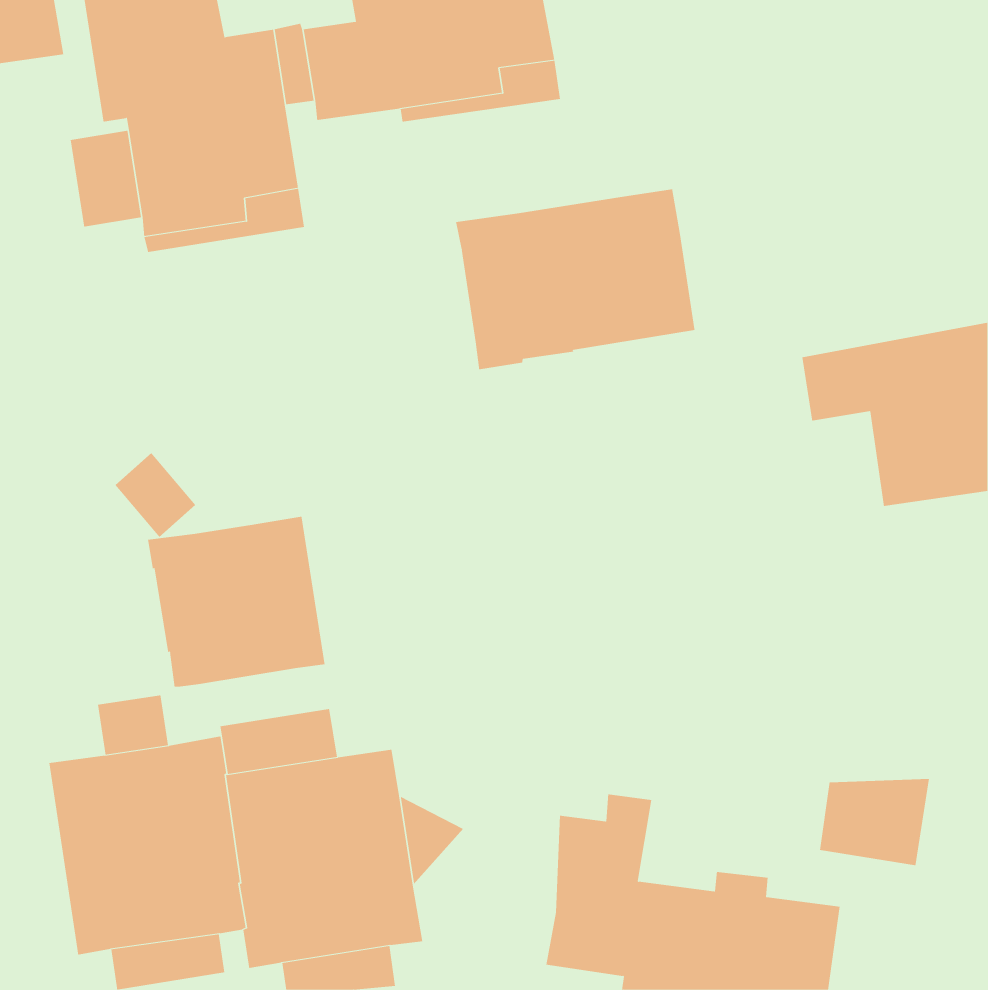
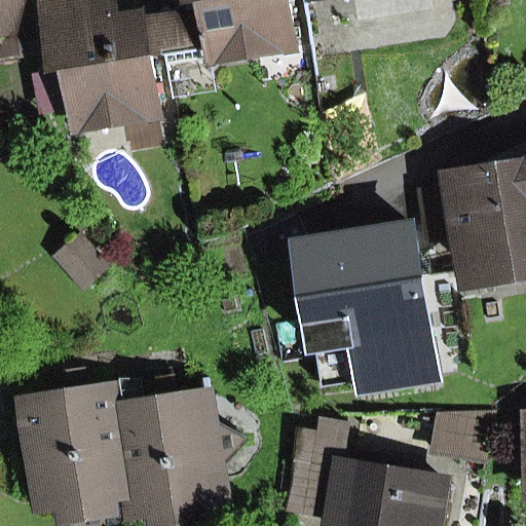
building: [456,189,696,370] -> none
building: none -> [301,227,437,389]
building: [148,516,325,688] -> none

